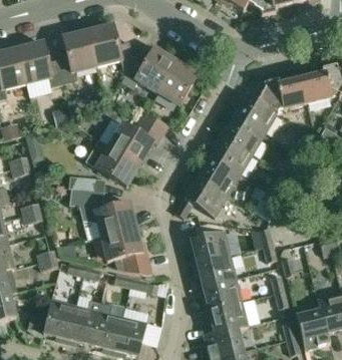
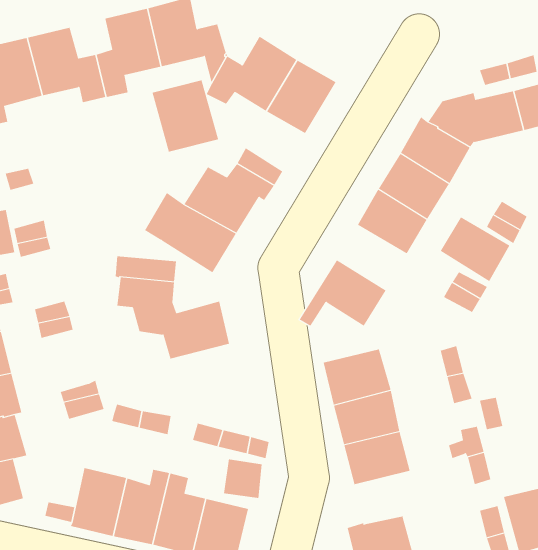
building: none -> [152,80,219,153]
building: [199,157,240,196] -> [440,216,510,282]
building: [101,227,153,277] -> none
building: [209,301,249,332] -> none

